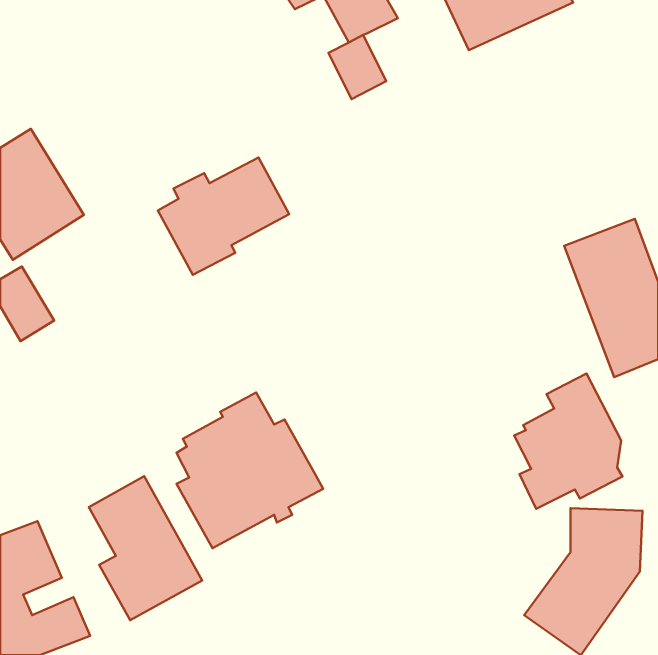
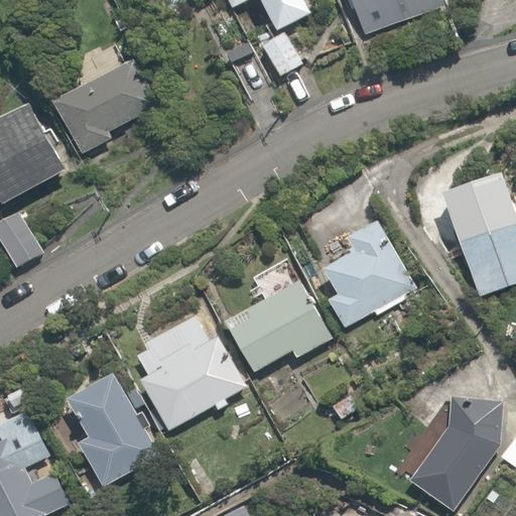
building: [158,158,289,275] -> [52,61,155,153]
building: none -> [221,255,322,372]
building: [514,374,622,509] -> [324,219,408,325]

